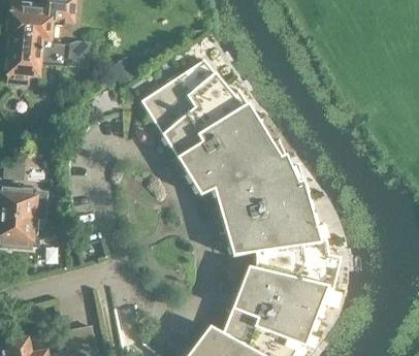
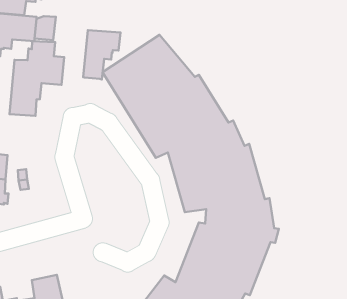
building: none -> [83,30,120,79]
building: none -> [9,41,64,116]

